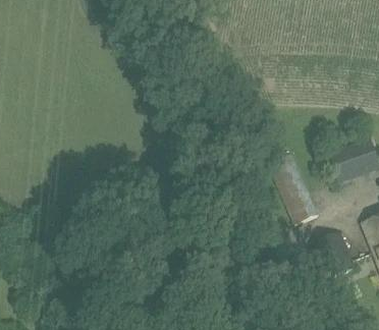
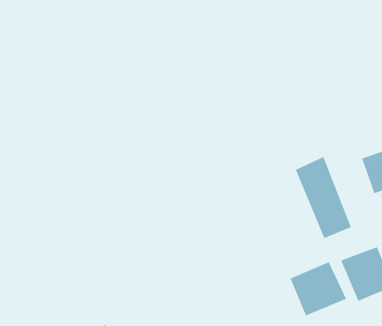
building: none -> [290,261,347,316]

